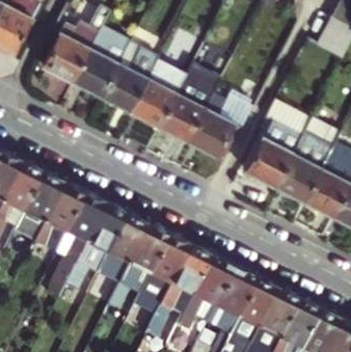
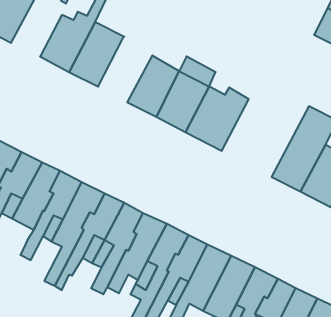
building: [102,49,157,113] -> none
building: [246,98,313,188] -> none

